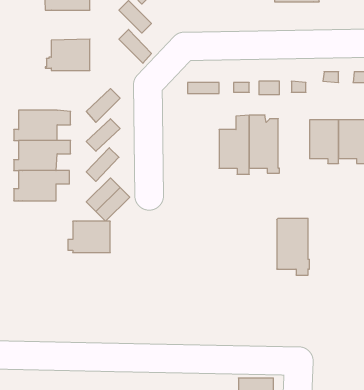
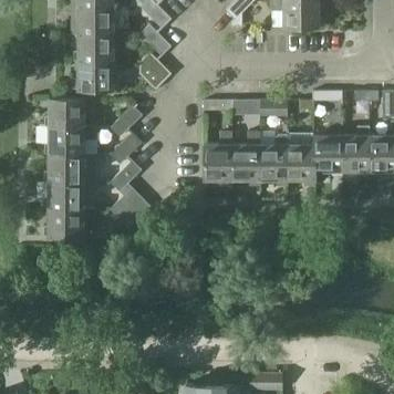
building: none -> [74,34,114,62]
building: none -> [44,98,96,126]
building: none -> [204,144,232,185]
building: [277,218,309,275] -> [287,133,317,185]
building: [68,221,110,253] -> [44,209,83,238]

